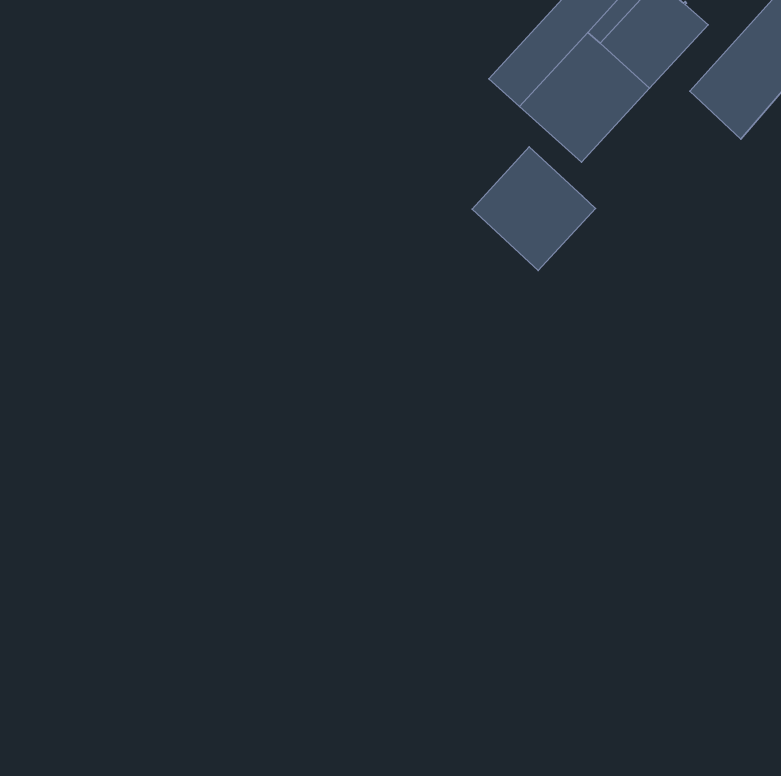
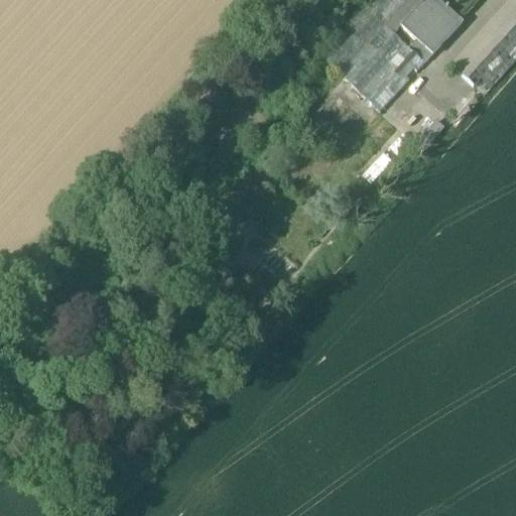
building: [472,147,595,271] -> none

